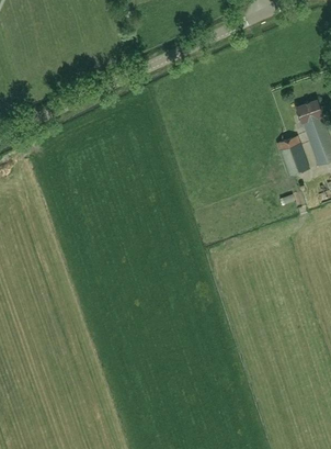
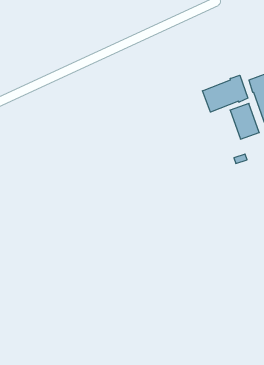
building: none -> [202,75,248,112]

